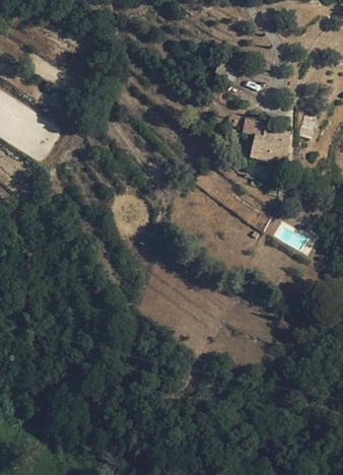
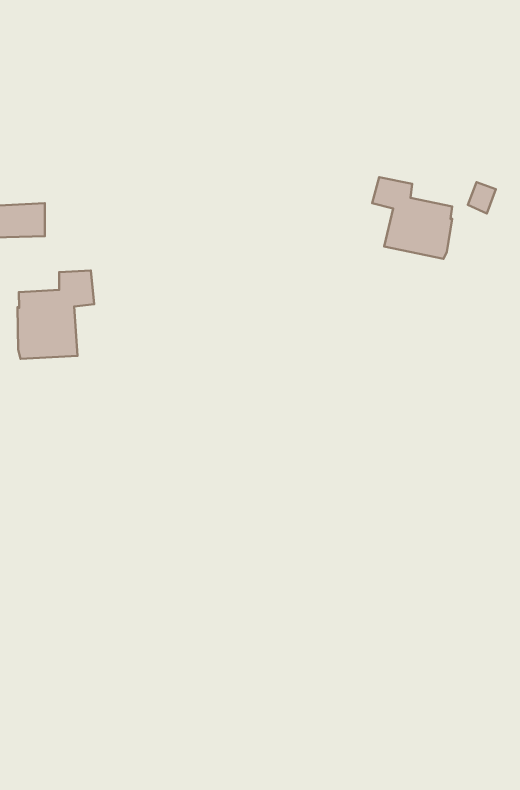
building: none -> [17,270,94,359]

